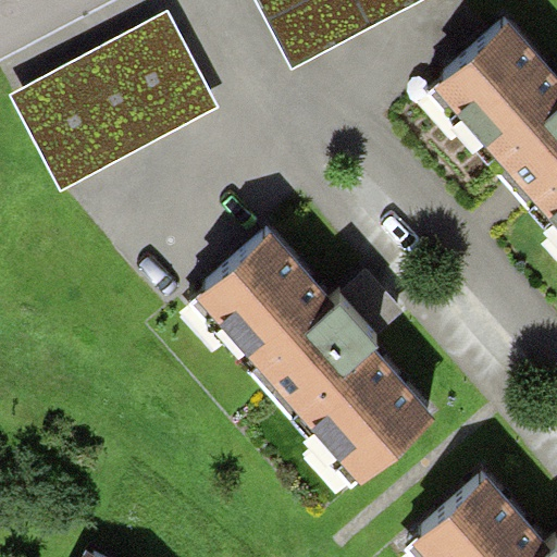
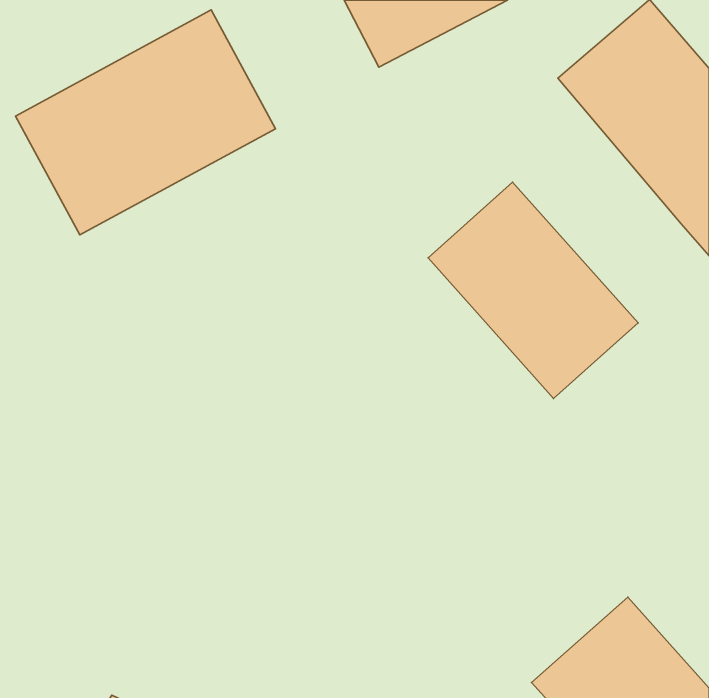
building: none -> [428,182,638,399]
building: [195,225,429,470] -> none

